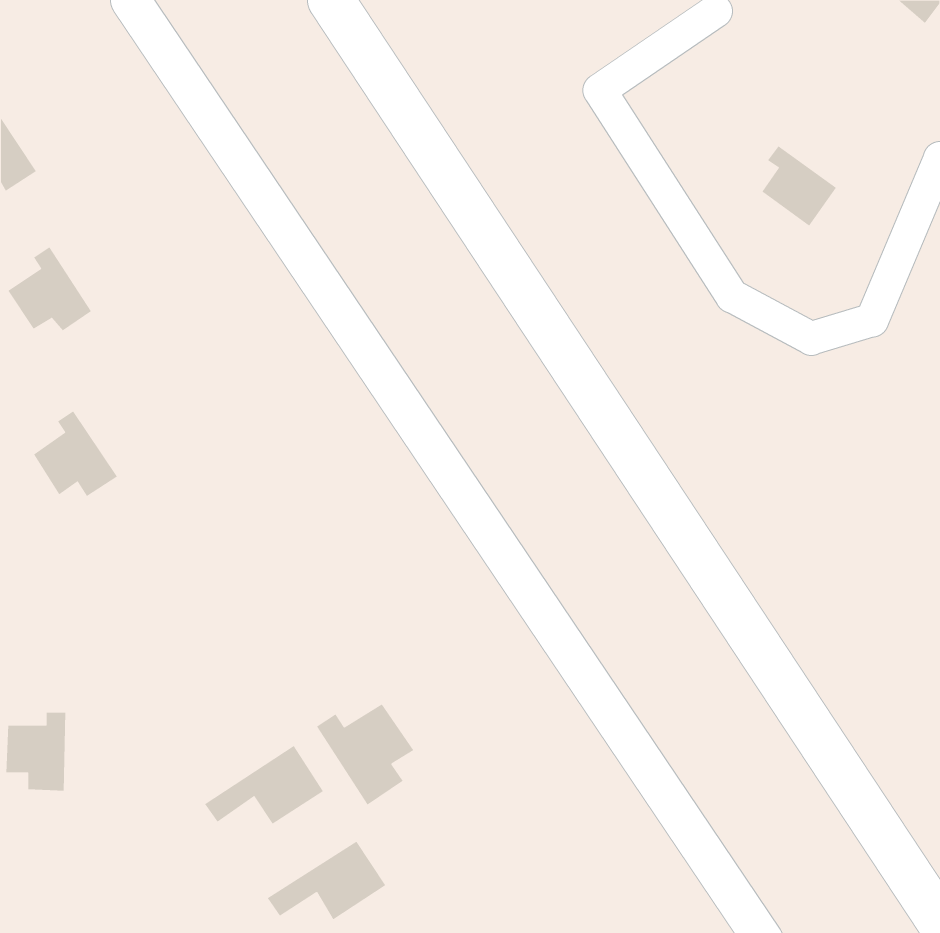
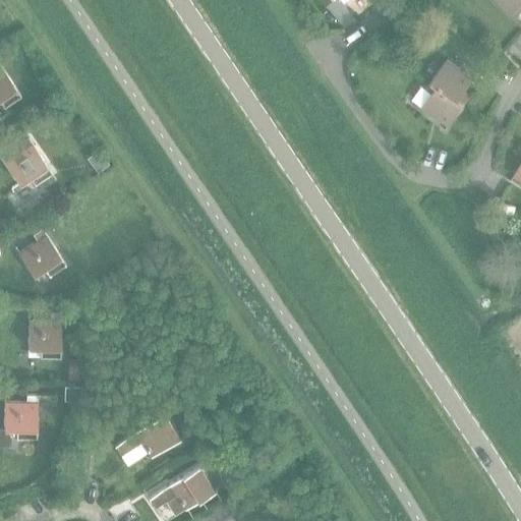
building: none -> [430,63,473,108]
building: none -> [27,316,61,360]
building: [316,703,414,805] -> none

